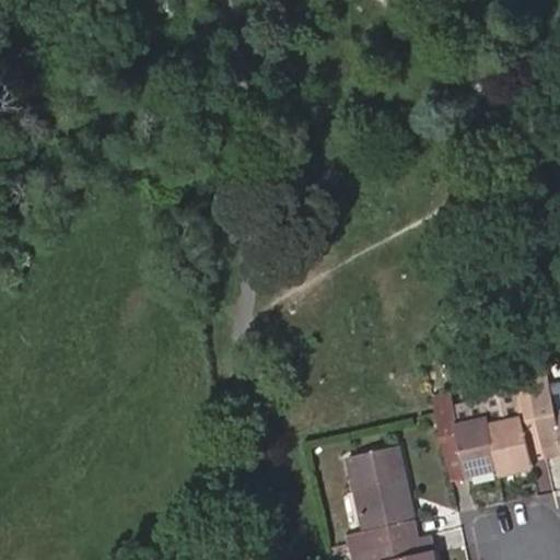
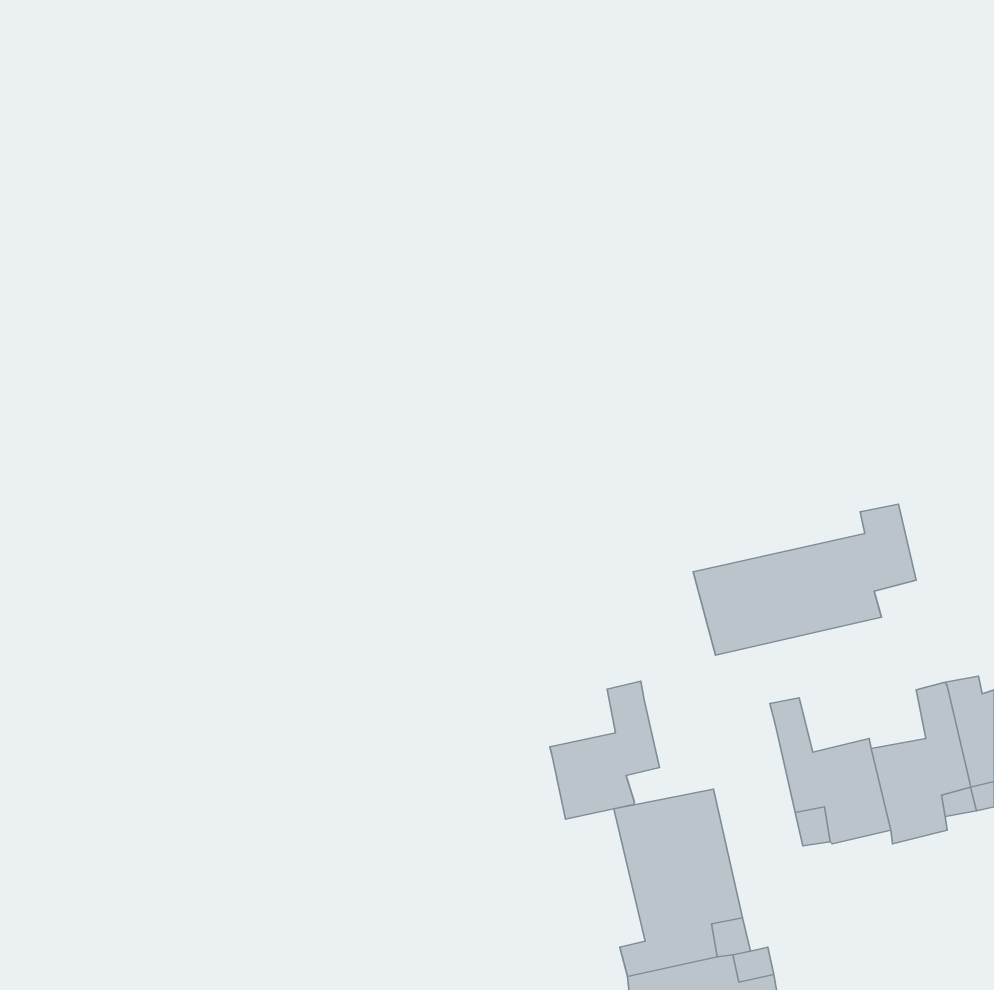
building: none -> [693,504,916,655]
building: none -> [550,681,660,819]

